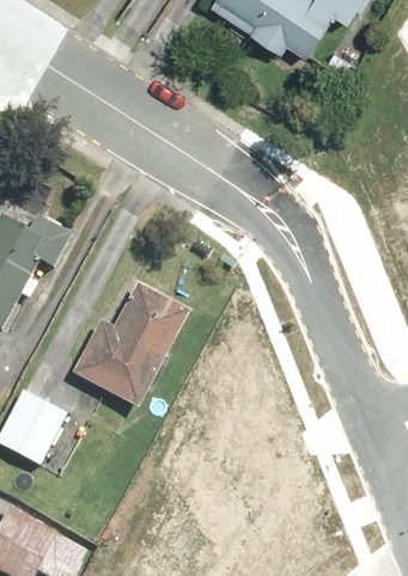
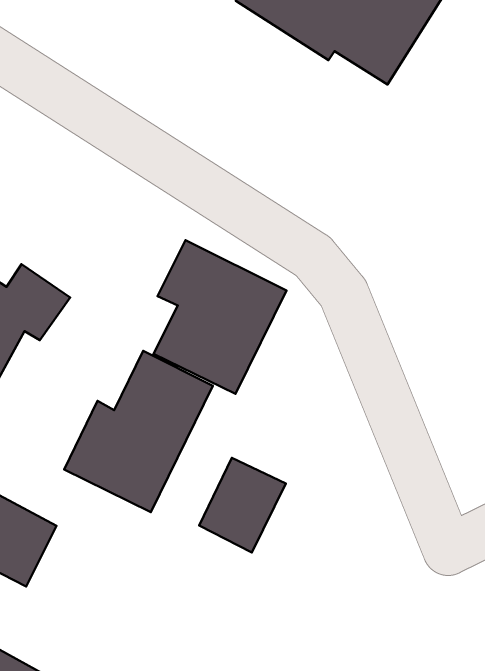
building: none -> [153,240,286,394]
building: none -> [199,458,286,552]

